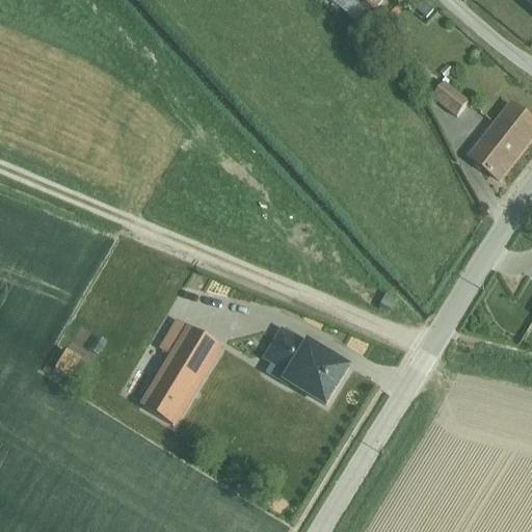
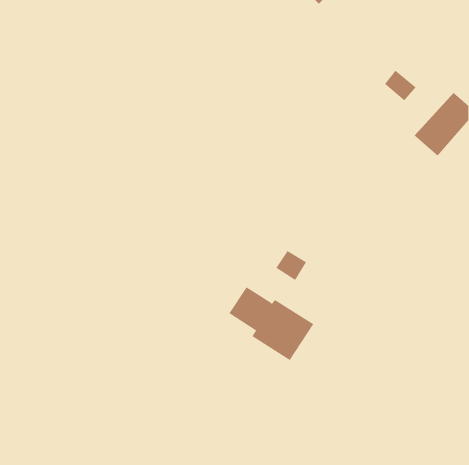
building: none -> [275,250,307,281]
building: [140,326,223,425] -> none

